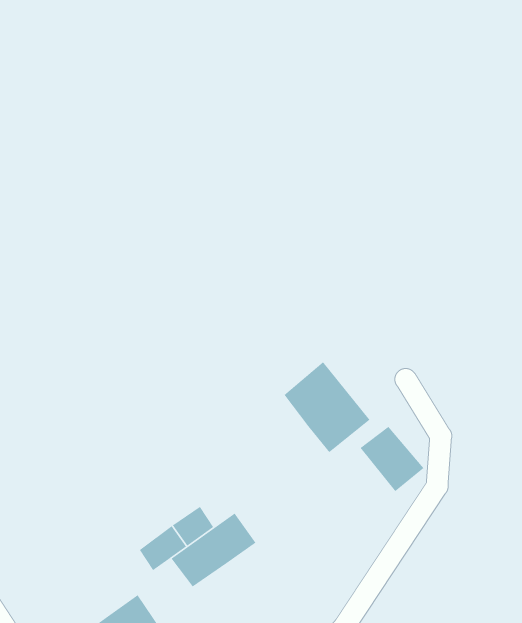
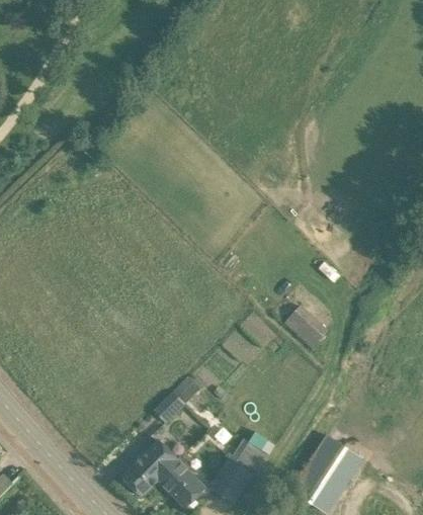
building: [283,361,371,453] -> none
building: [170,512,257,587] -> none

